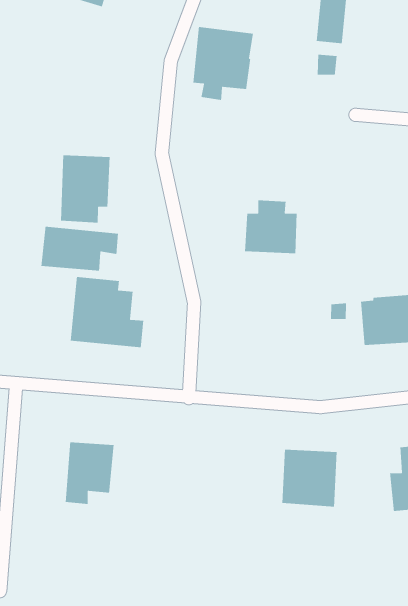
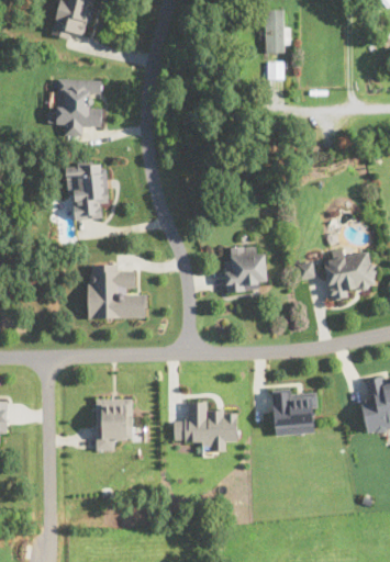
building: [193,26,254,101] -> [57,79,103,138]
building: [244,199,298,254] -> [224,246,268,291]
building: [41,226,119,271] -> none
building: none -> [174,402,237,451]

